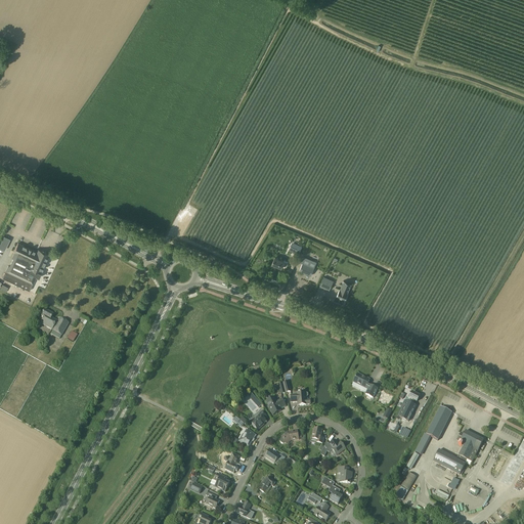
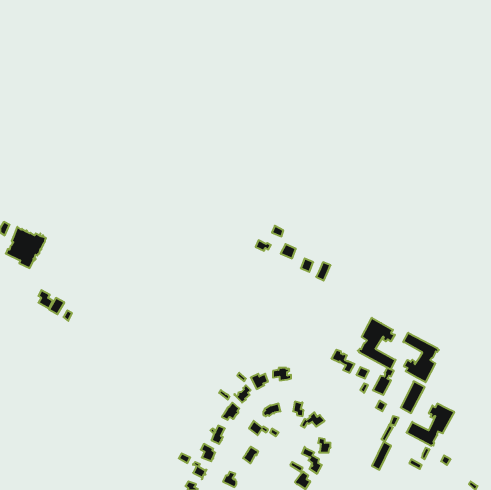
building: none -> [358,318,396,369]
building: none -> [403,333,439,382]

